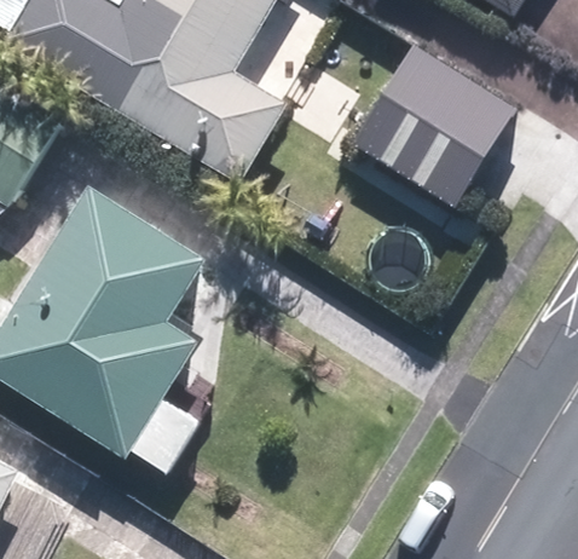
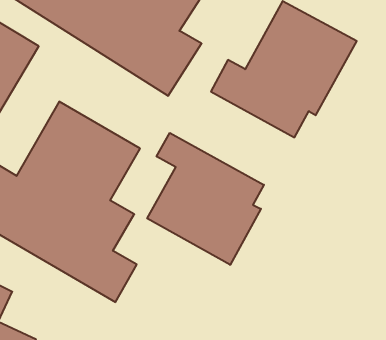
building: none -> [147,133,264,265]

